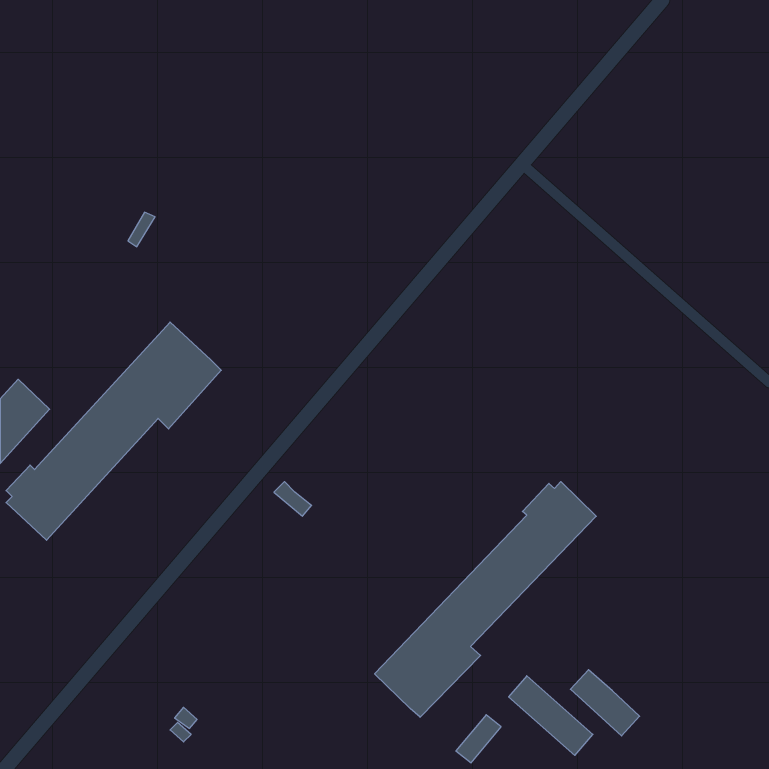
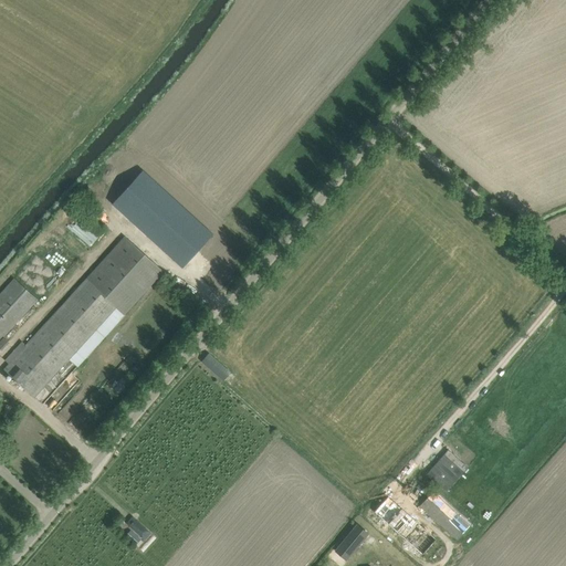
building: none -> [112,170,213,269]
building: [375,482,596,717] -> none
building: none -> [426,450,468,492]

